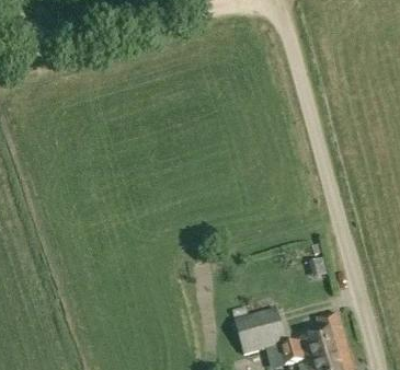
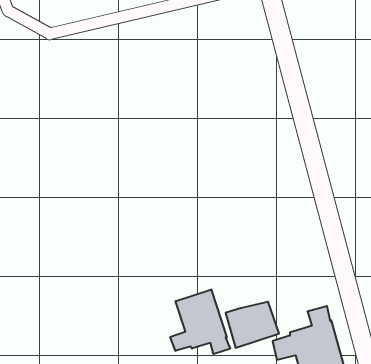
building: none -> [170,289,230,354]

